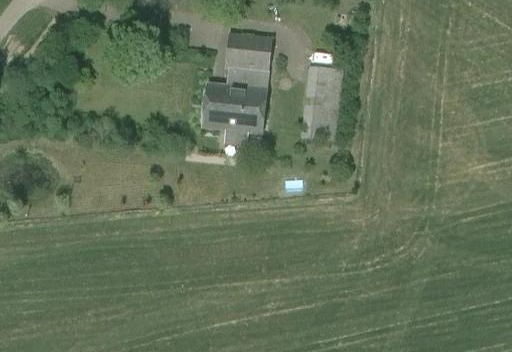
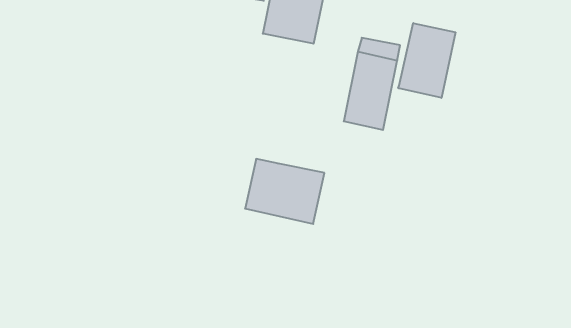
building: none -> [398,23,455,98]
building: [202,85,266,135] -> [245,159,324,224]

